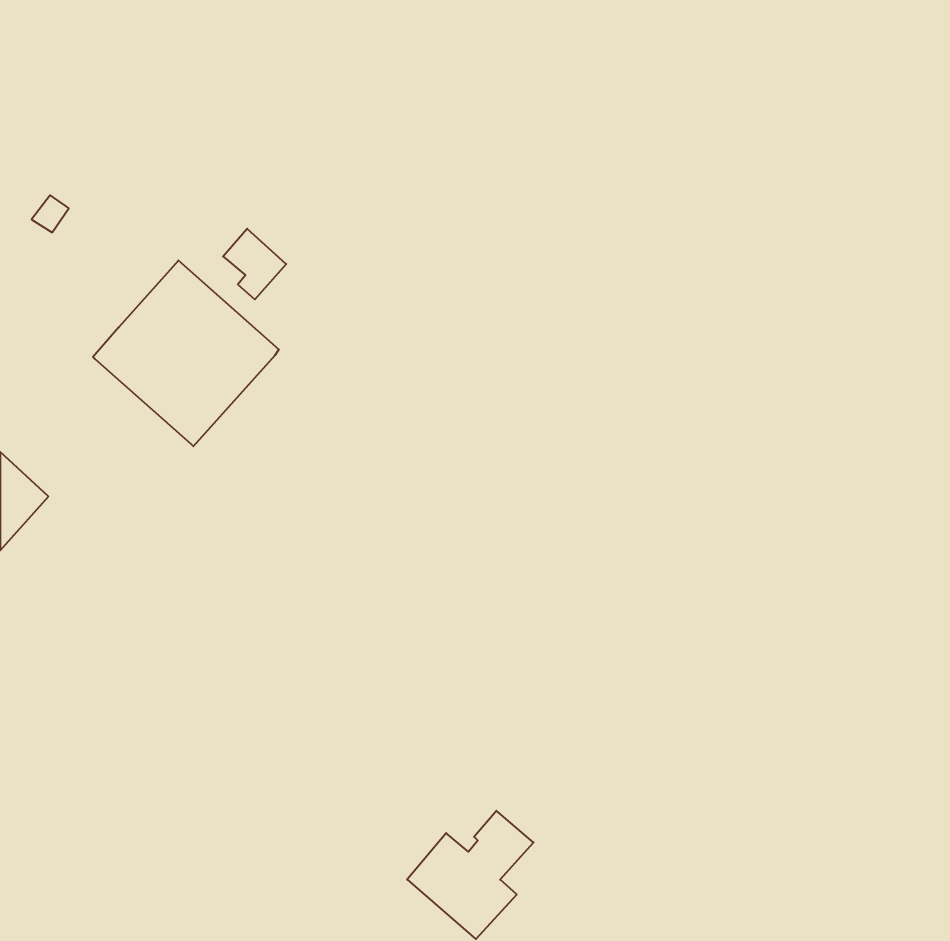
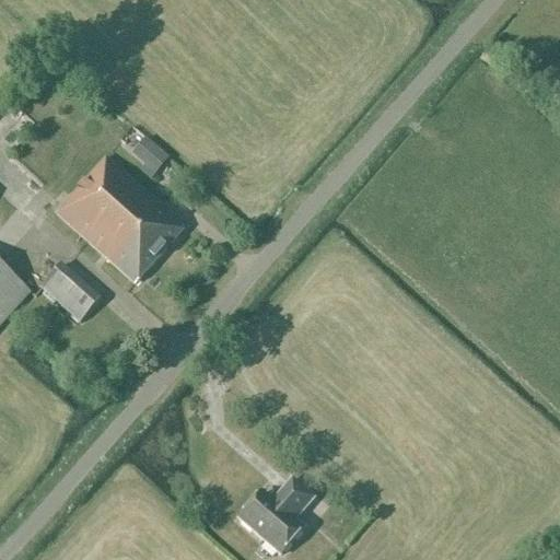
building: none -> [114,209,183,282]
building: none -> [39,261,101,319]

